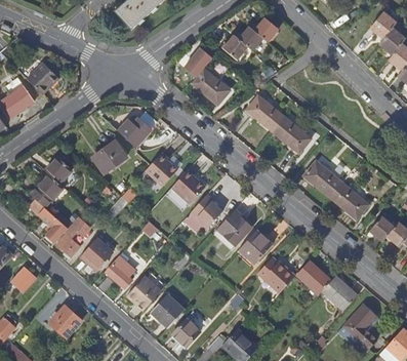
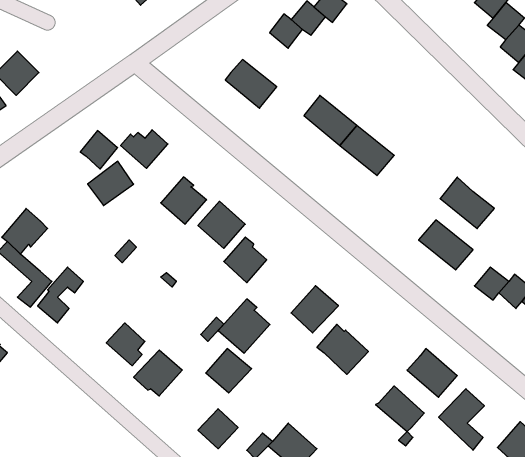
building: [182,46,212,77] -> none
building: [45,156,72,184] -> [80,131,118,169]
building: [303,160,342,197] -> [440,177,494,229]
building: [214,208,251,247] -> [218,299,270,353]
building: [81,237,114,269] -> none
building: [296,260,331,293] -> [376,386,424,432]
building: [152,294,185,326] -> [206,349,252,393]
building: [49,305,82,337] -> none

